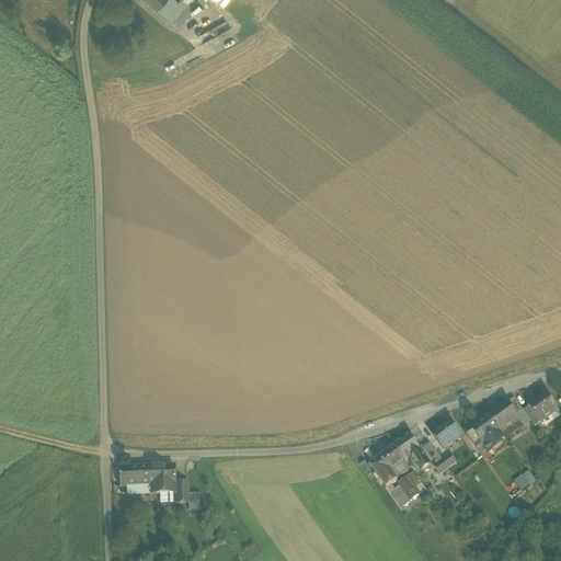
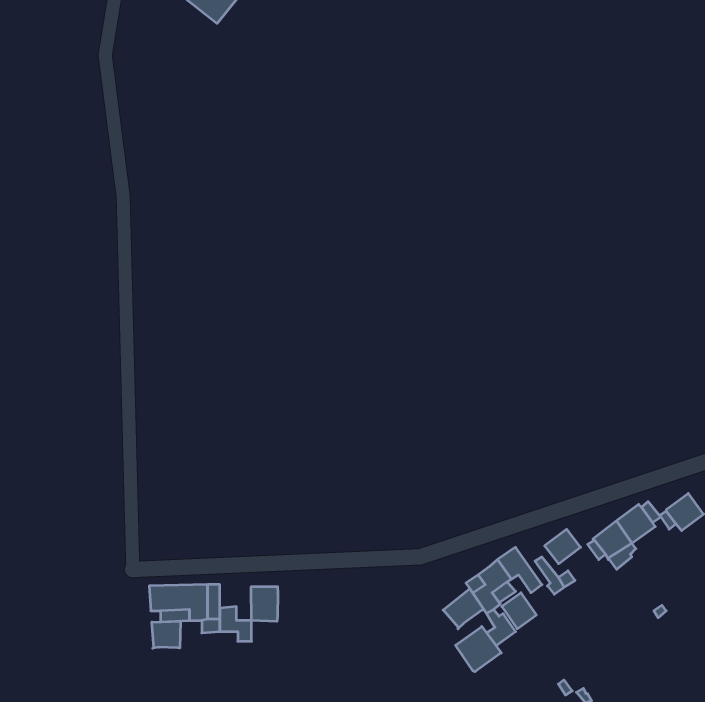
building: none -> [251,587,278,621]
building: none -> [443,589,484,629]
building: none -> [152,621,180,648]
building: none -> [456,626,501,672]

